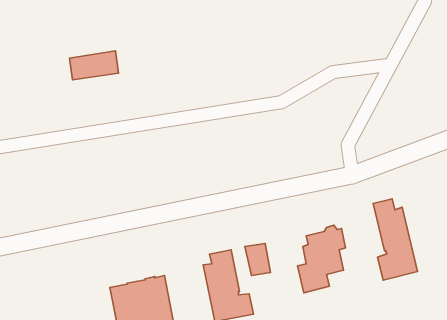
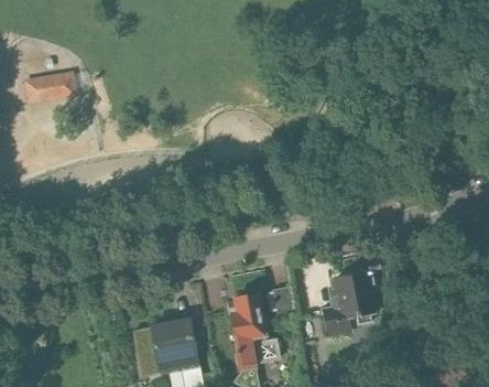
building: [69,51,119,80] -> [24,72,75,101]
building: [373,199,418,280] -> none

